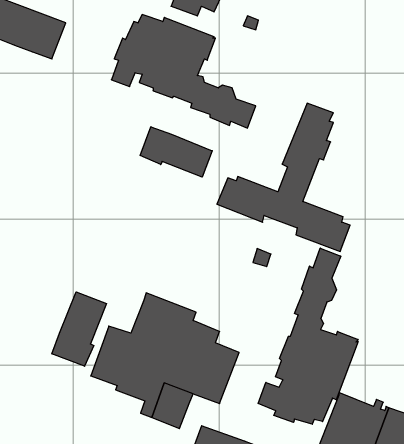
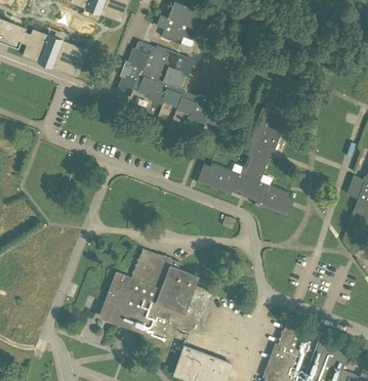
building: [140,127,212,177] -> none
building: [258,248,358,424] -> none
building: [52,292,106,366] -> none

